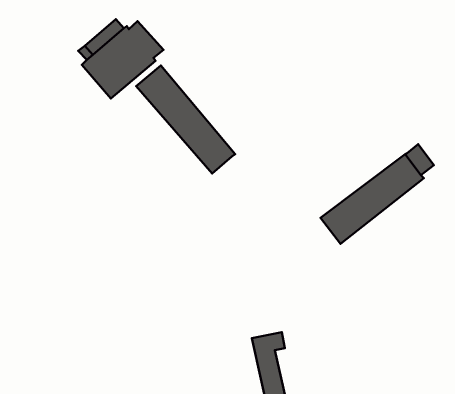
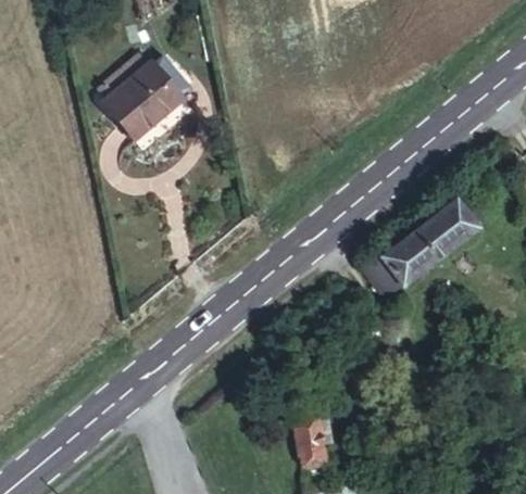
building: [136,65,235,173] -> none

